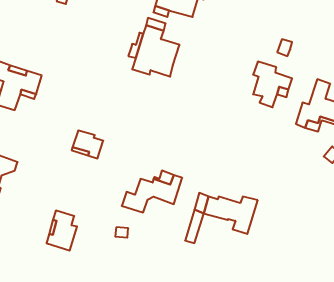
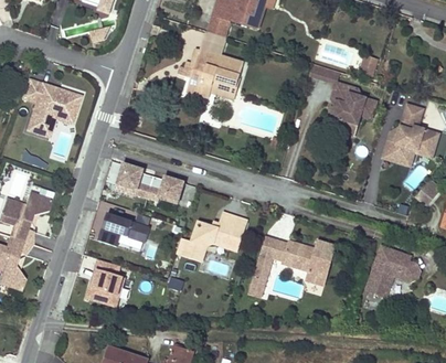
building: none -> [146,174,183,202]
building: none -> [96,212,148,245]
building: none -> [365,245,421,298]

